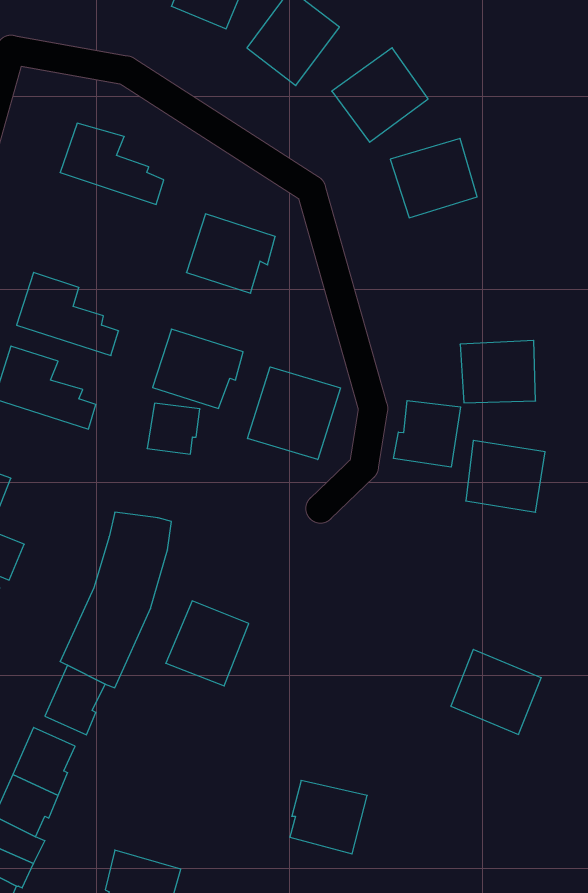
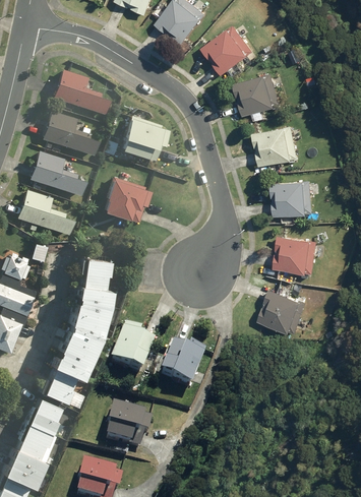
building: none -> [45,111,100,156]
building: none -> [251,131,298,172]
building: [248,367,340,460] -> none
building: [393,401,461,467] -> none
building: [147,403,200,454] -> [84,255,113,283]
building: none -> [162,340,206,388]
building: [451,649,541,734] -> [258,295,307,340]
building: [290,780,367,854] -> [108,407,149,446]

